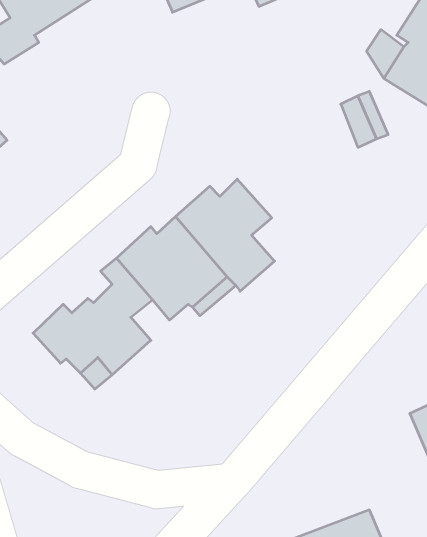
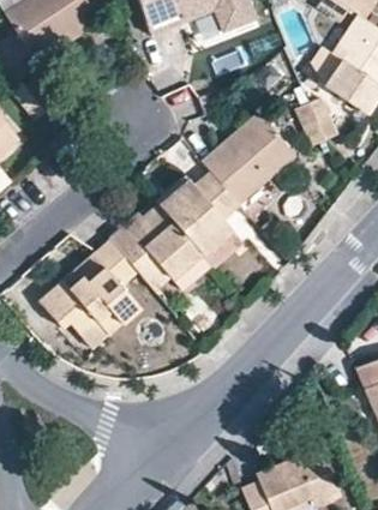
building: none -> [202,114,294,204]

